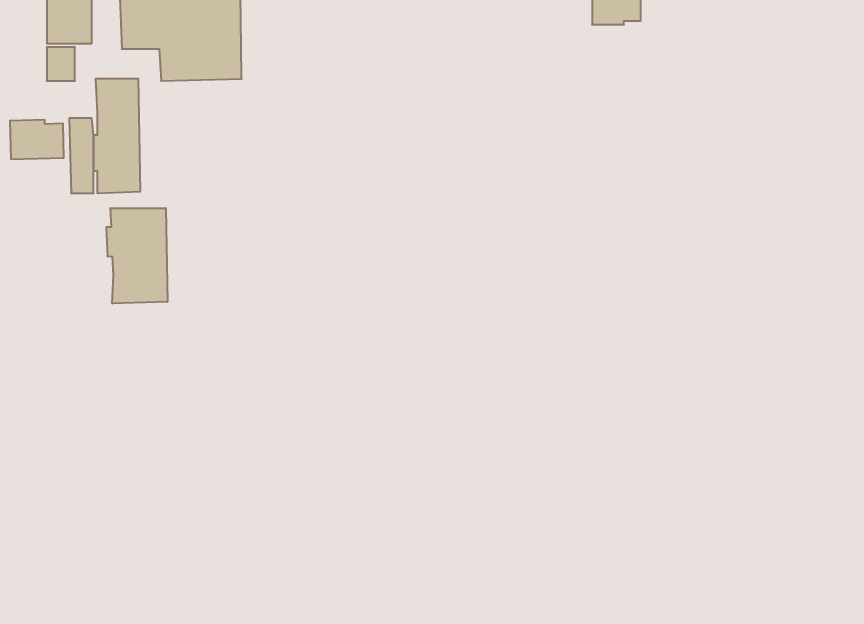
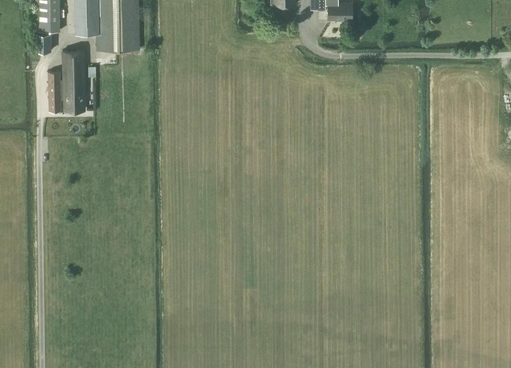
building: [10,120,64,159] -> none
building: [107,208,167,304] -> none

